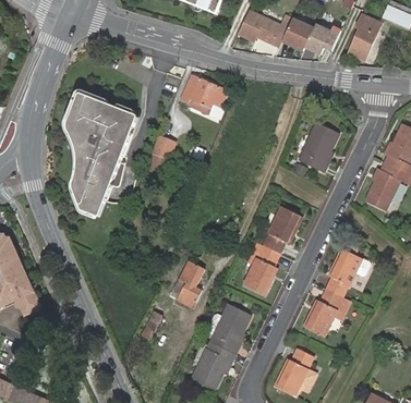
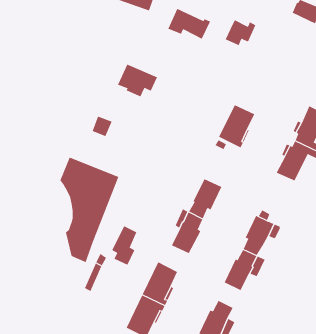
building: [344,15,378,60] -> none
building: [281,19,313,51] -> none
building: [68,95,136,217] -> [60,157,119,263]

